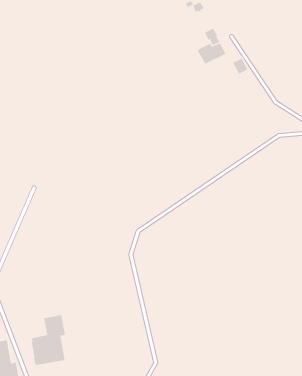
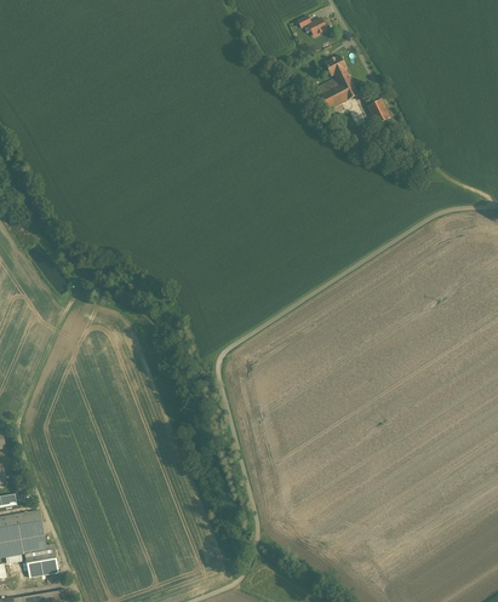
building: [31,314,66,366] -> none

